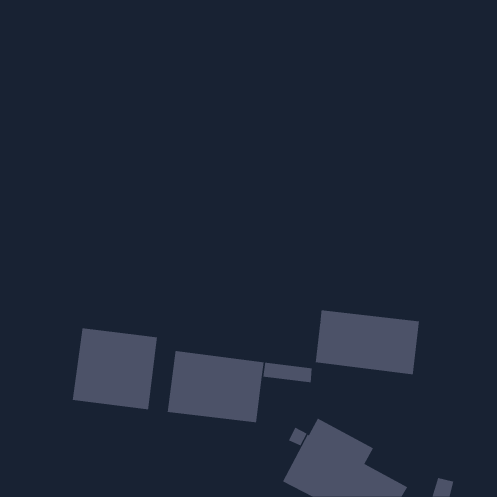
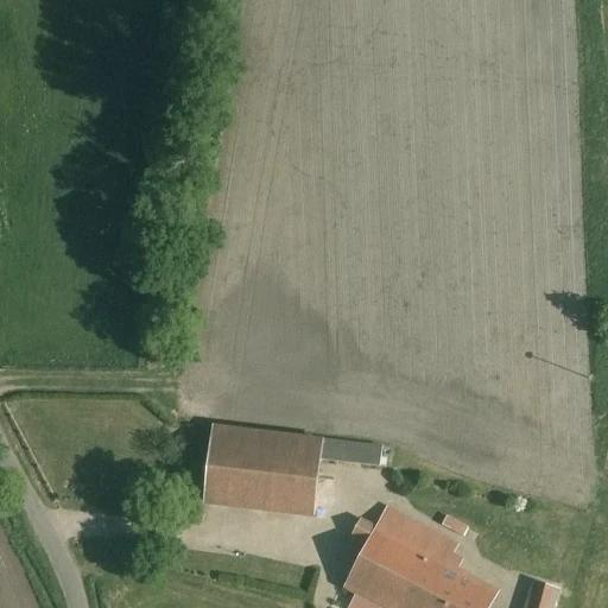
building: [315,309,420,375] -> none
building: [72,327,157,410] -> none

